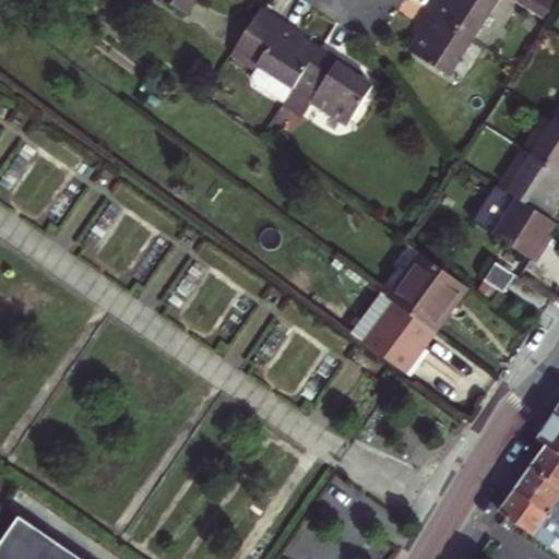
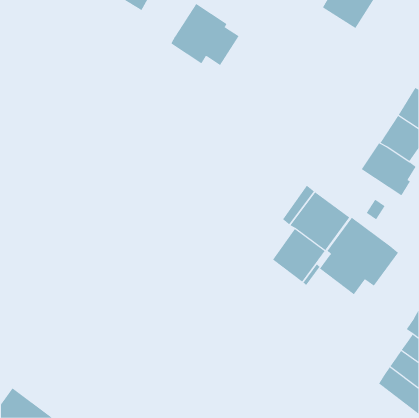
building: [411,10,474,75] -> none
building: [294,44,373,122] -> none
building: none -> [319,217,399,295]

